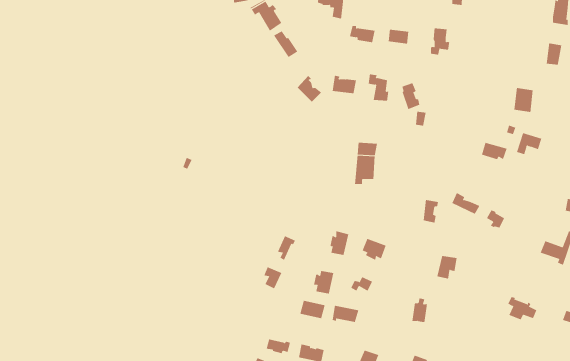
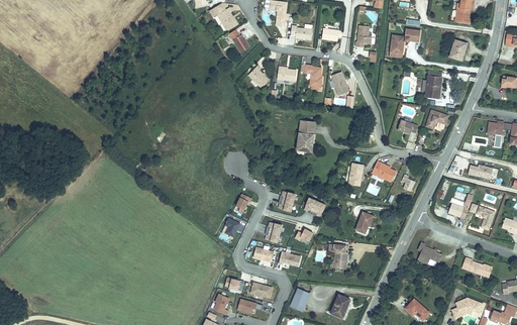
building: none -> [390,28,420,53]

